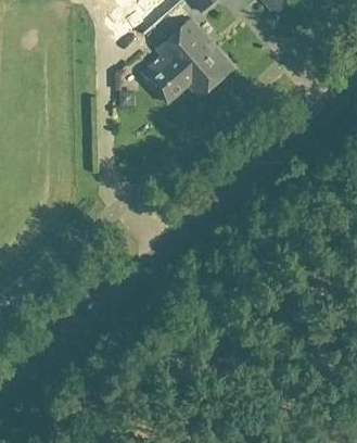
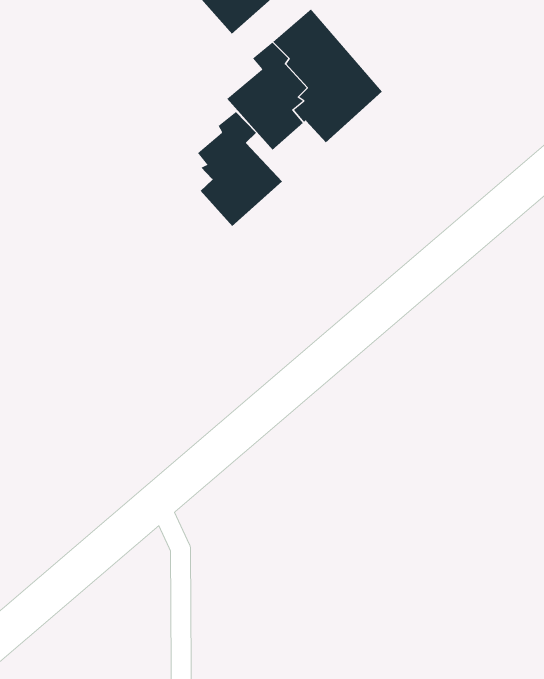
building: none -> [197,111,283,227]

